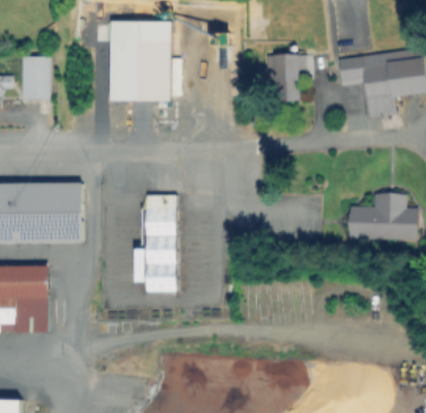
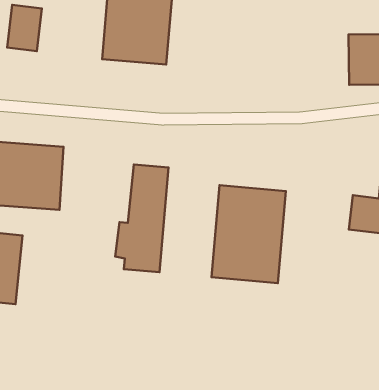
building: [269,54,294,101] -> none
building: none -> [212,185,286,283]

